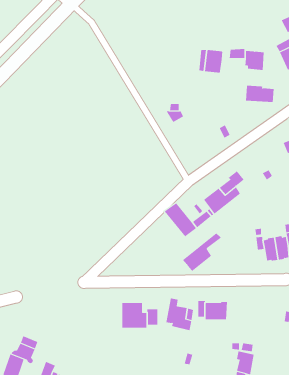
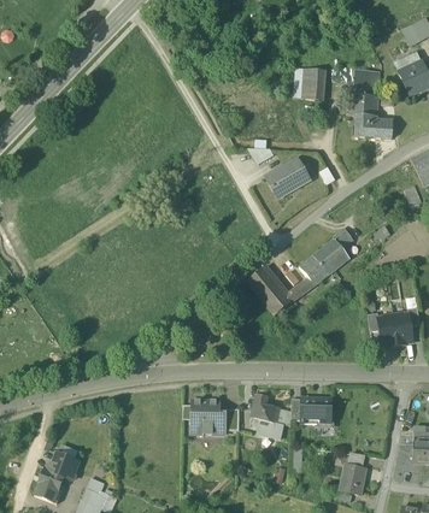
building: none -> [347,93,378,116]
building: none -> [266,159,308,197]
building: [182,233,222,272] -> none

